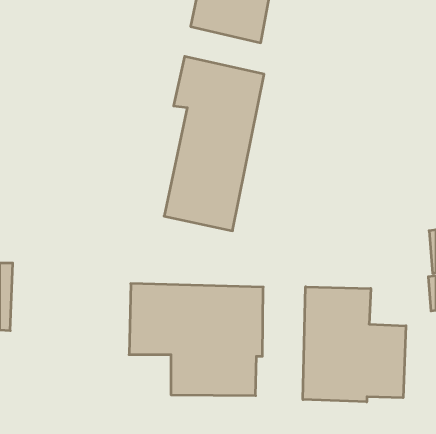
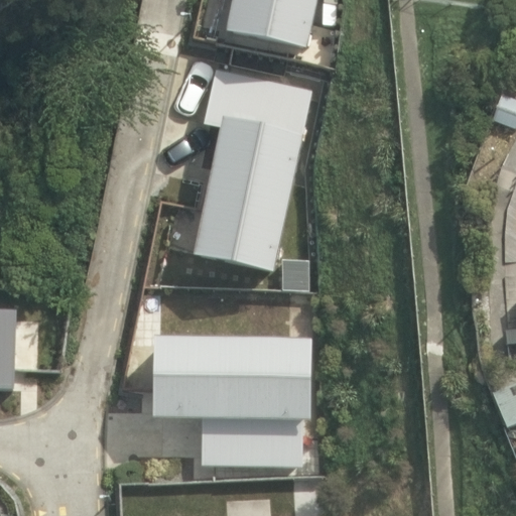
building: [303,287,406,402] -> none

